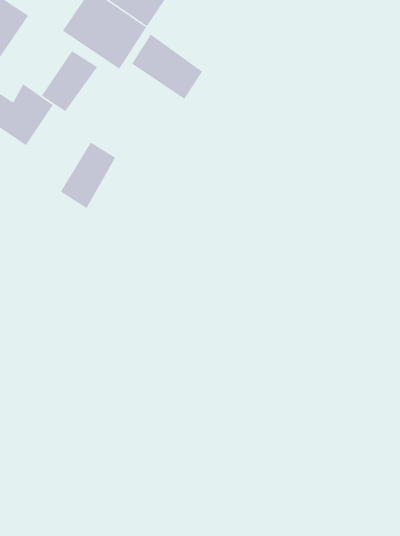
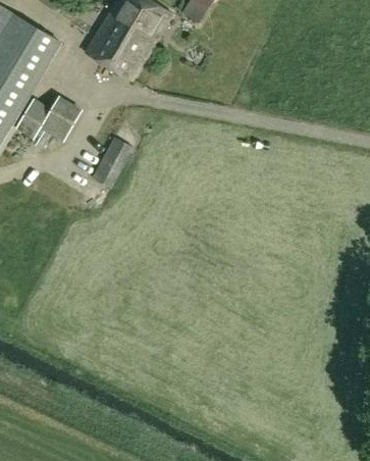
building: [131,33,203,100] -> none
building: [41,50,98,112] -> none

